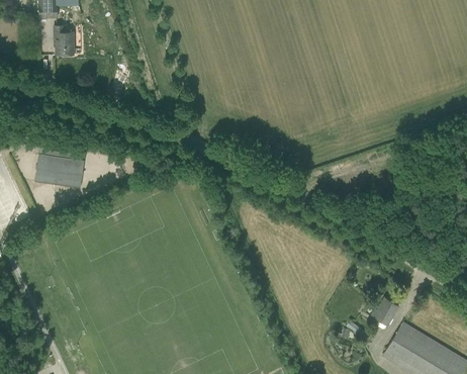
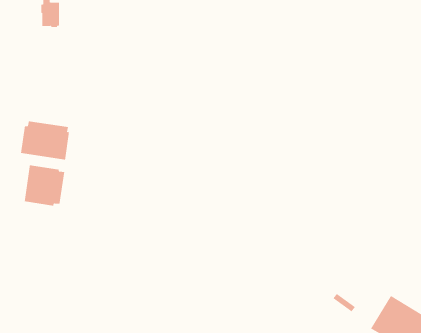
building: none -> [24,165,65,206]
building: [372,297,398,329] -> none

